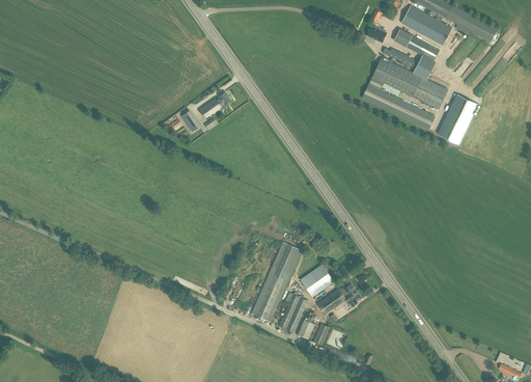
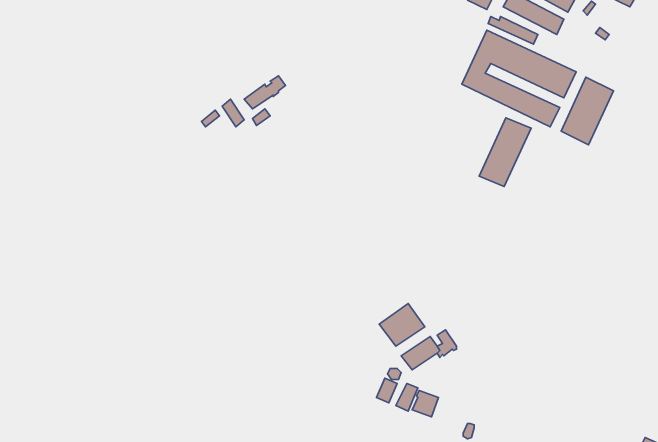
building: none -> [479,118,531,187]
building: [250,243,301,322] -> none
building: [278,294,306,332] -> none

